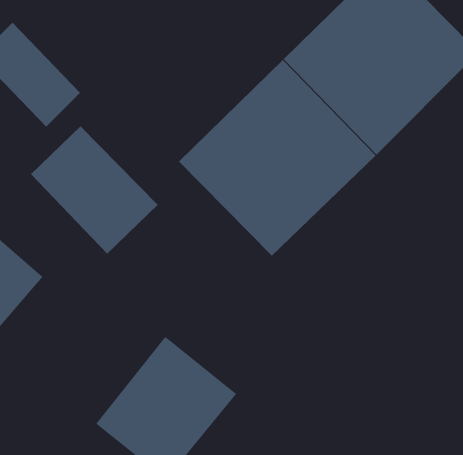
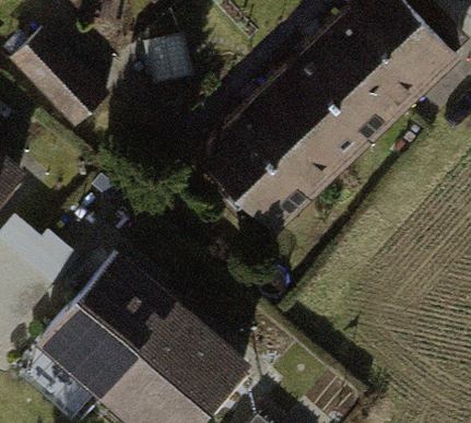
building: [30,125,159,255] -> none
building: none -> [51,260,180,391]

